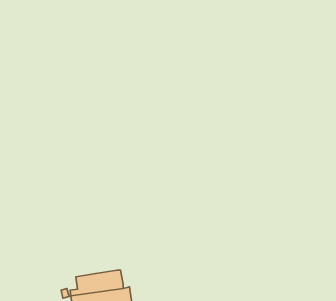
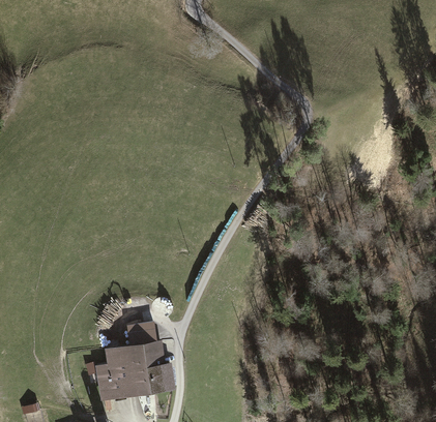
building: none -> [125,321,155,344]

